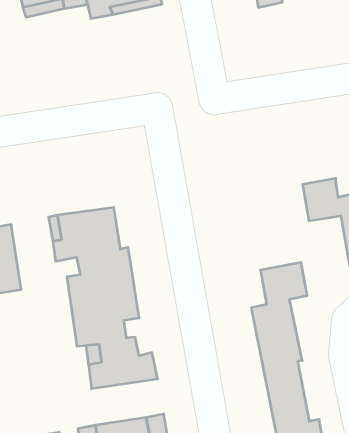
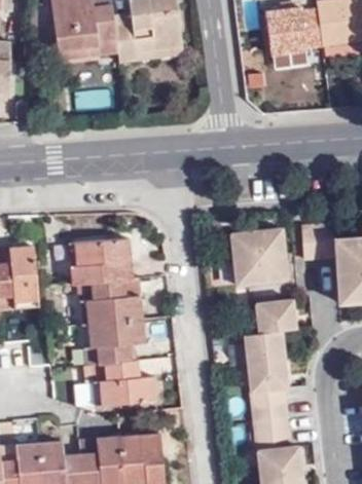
building: none -> [232,234,289,290]

